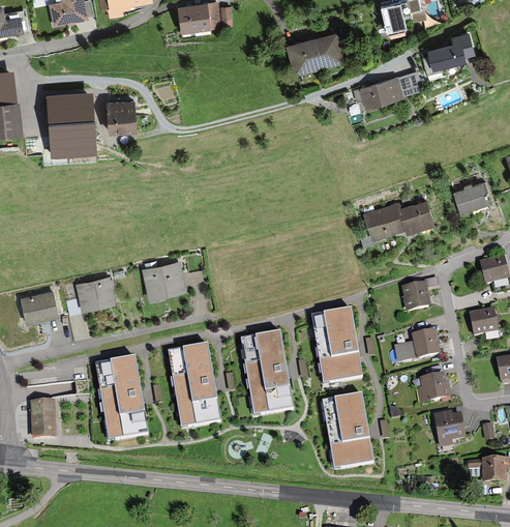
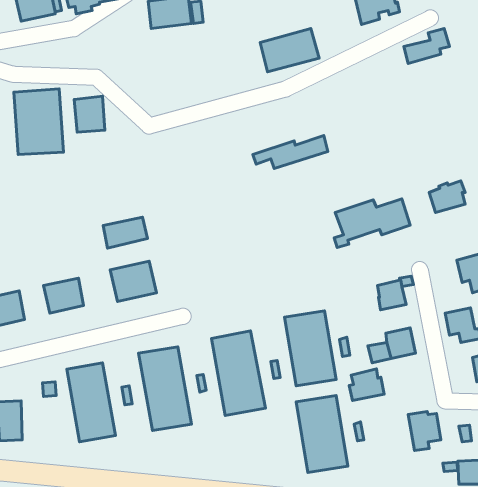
building: [346,74,419,106] -> [253,136,328,168]
building: none -> [103,217,148,248]
building: [417,370,451,401] -> [349,369,384,400]

